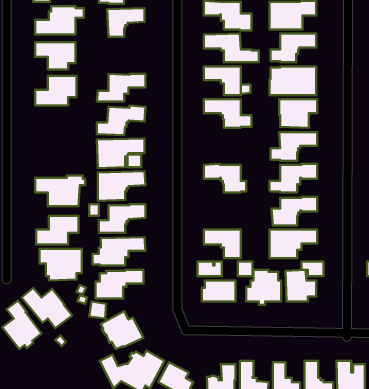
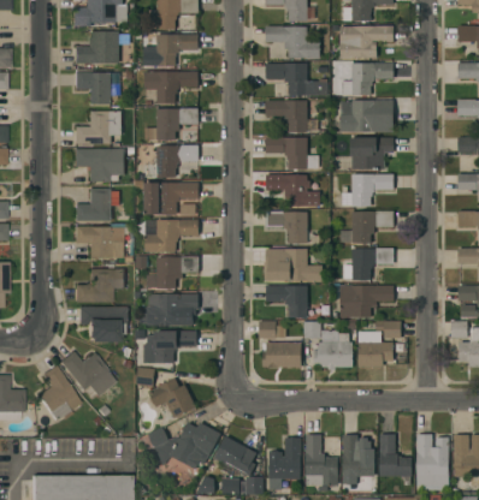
building: none -> [144,71,199,103]
building: none -> [75,149,125,181]
building: none -> [266,174,320,206]
building: none -> [75,188,112,221]
building: none -> [265,249,323,280]

